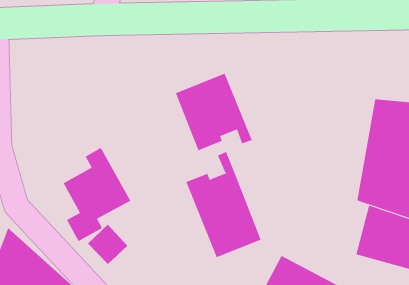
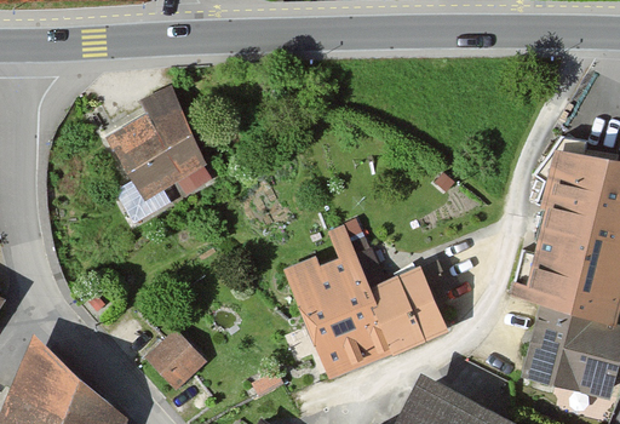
building: [175,73,252,151] -> none
building: [63,147,131,242] -> [111,87,208,222]
building: none -> [355,250,446,353]

